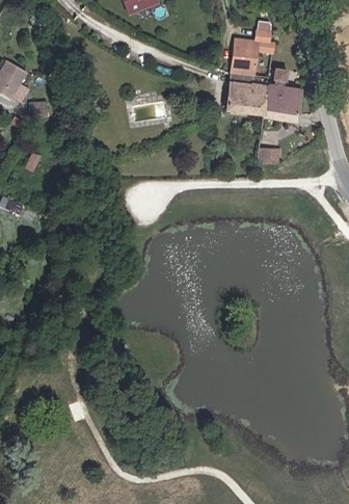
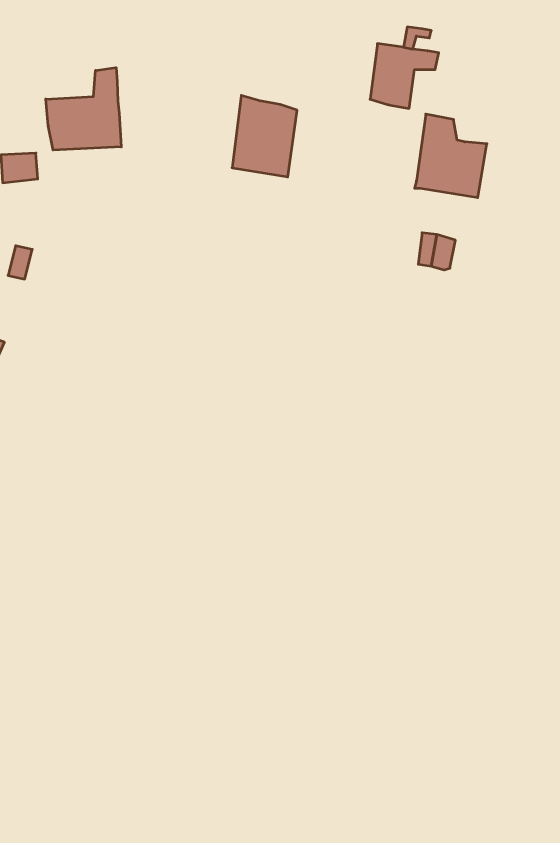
building: none -> [46,68,121,150]
building: [231,70,267,115] -> [232,95,297,177]

